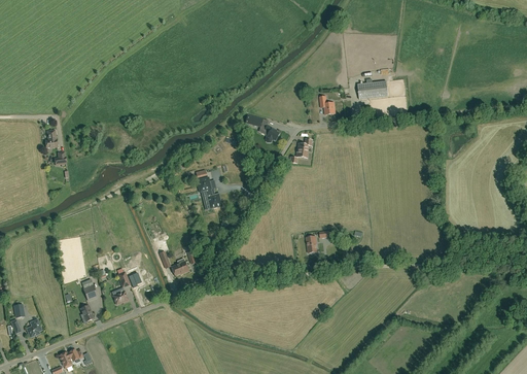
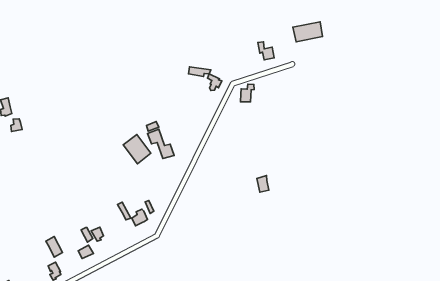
building: none -> [123,135,151,164]

